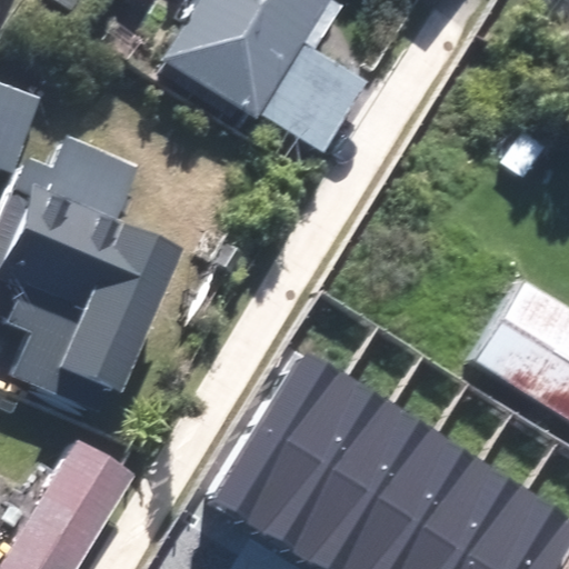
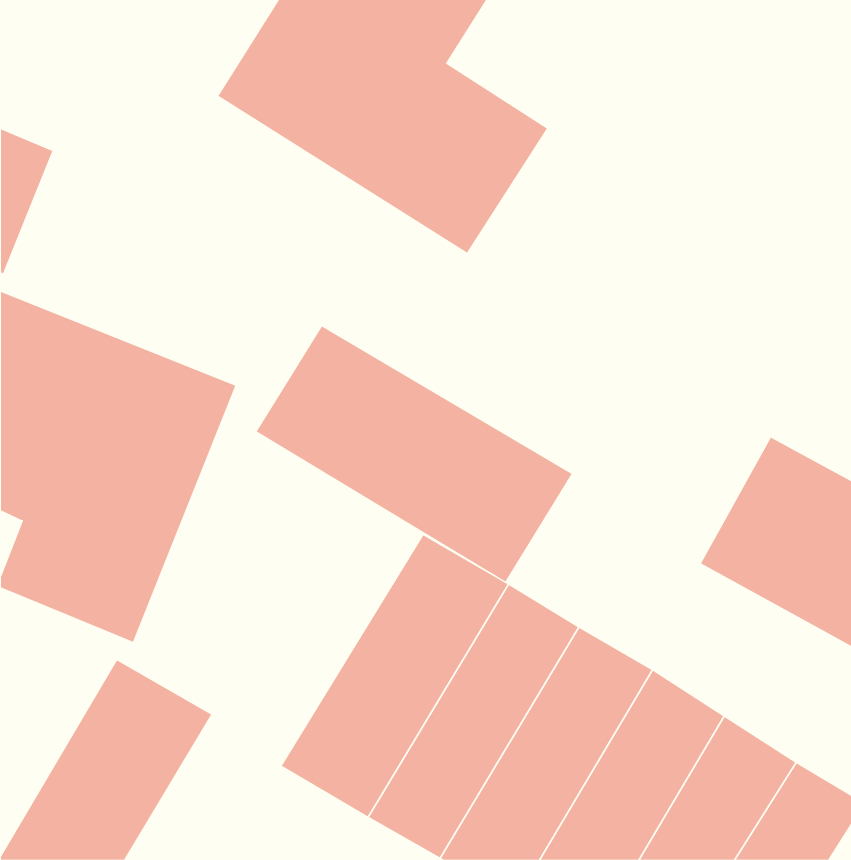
building: none -> [256,326,572,582]

